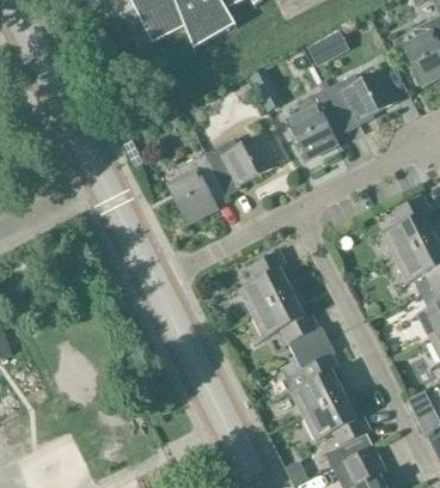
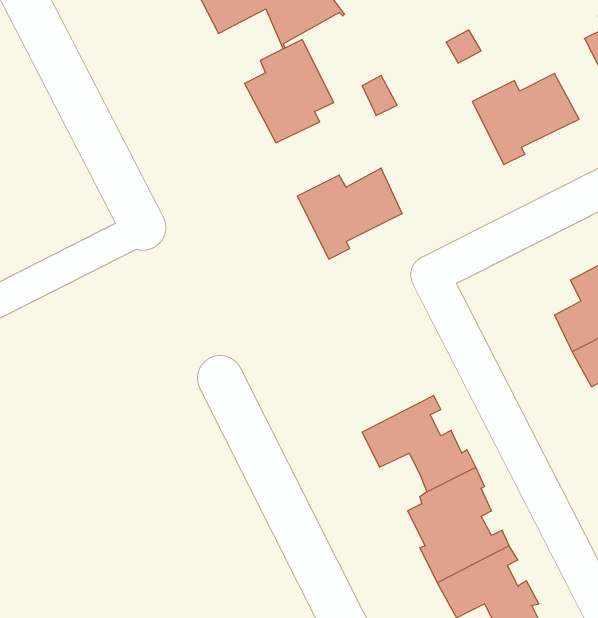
building: [286,89,347,159] -> none
building: [166,153,227,224] -> [244,40,334,143]
building: [238,250,299,315] -> none

